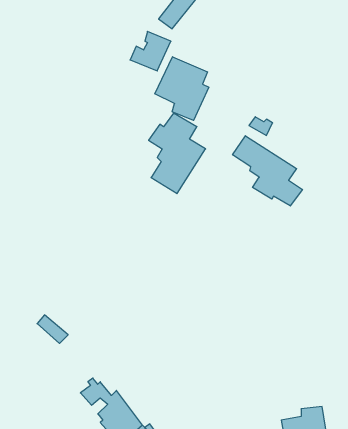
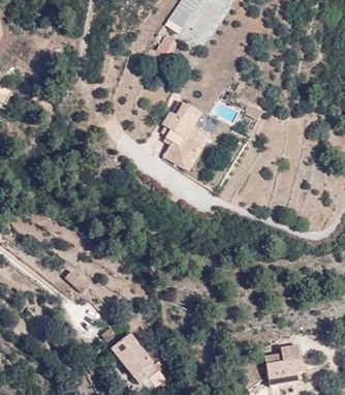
building: [155,57,209,120] -> none
building: [233,136,302,206] -> none

